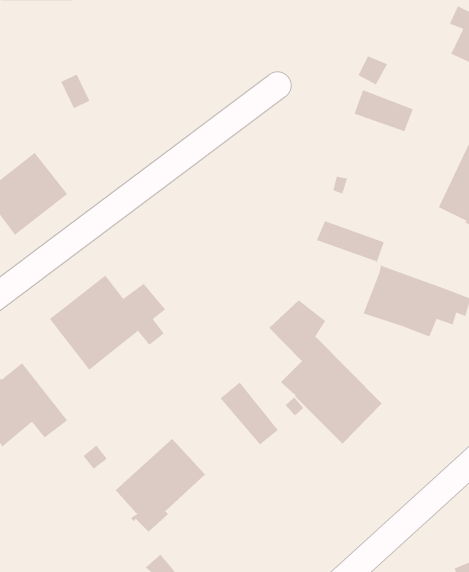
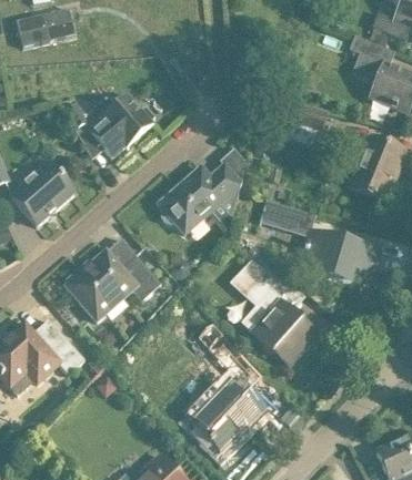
building: none -> [88,92,153,155]
building: none -> [159,163,241,231]
building: [115,438,206,533] -> [194,378,261,449]

